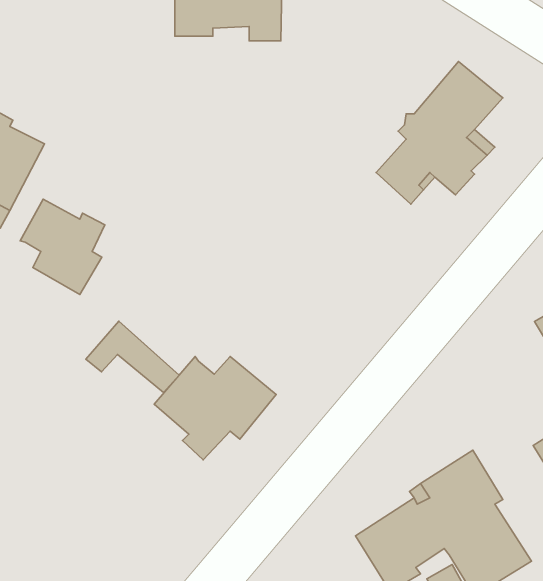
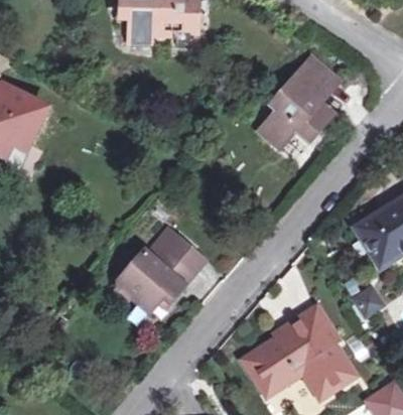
building: [20,199,105,294] -> none
building: [86,321,179,393] -> [144,225,204,270]

